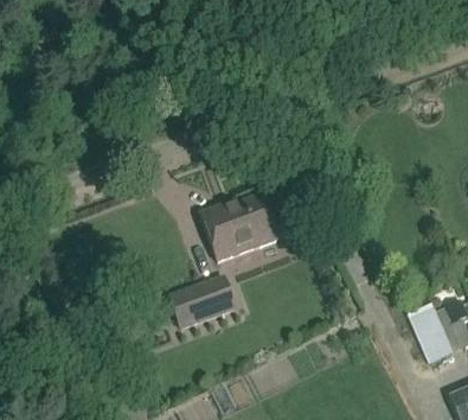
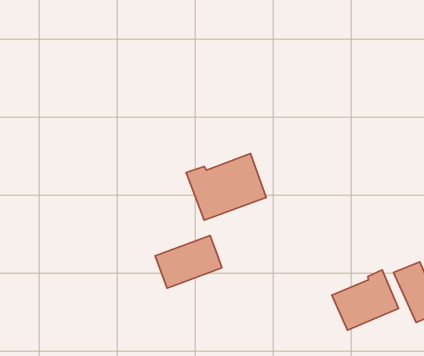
building: none -> [332,270,398,330]

